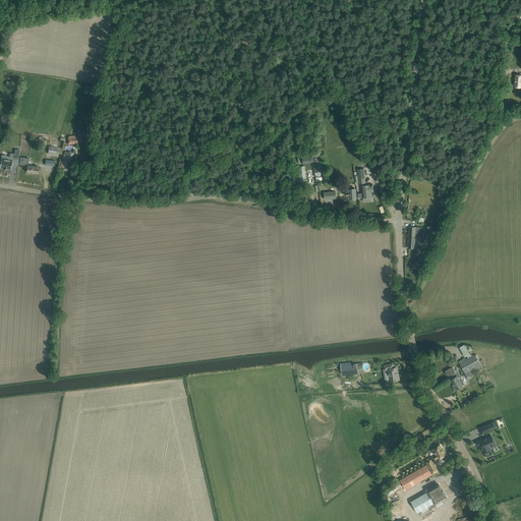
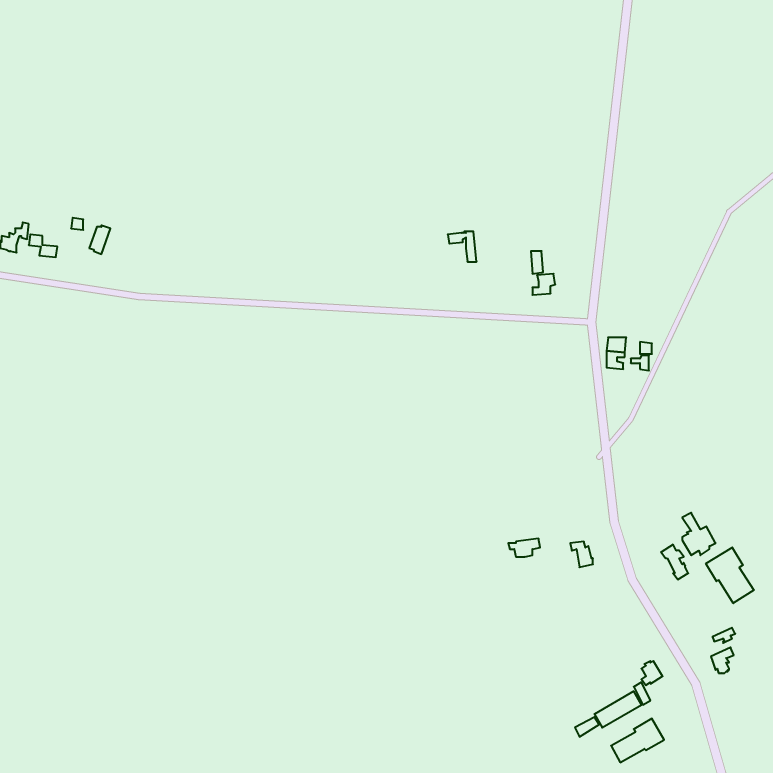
building: none -> [706,547,754,603]

